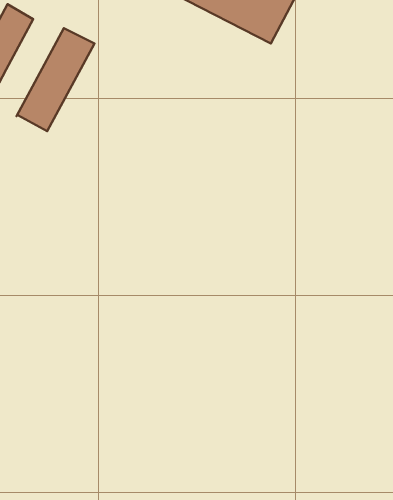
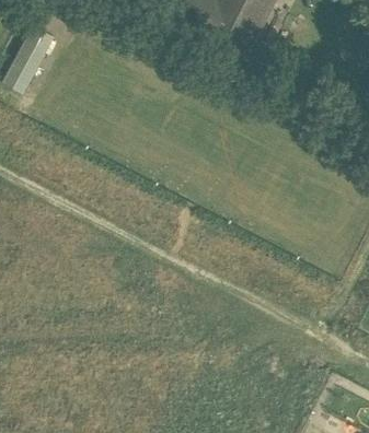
building: [17,28,95,131] -> none

